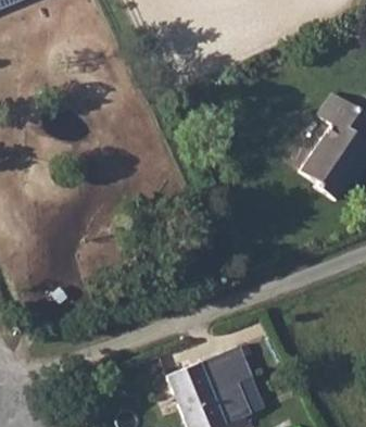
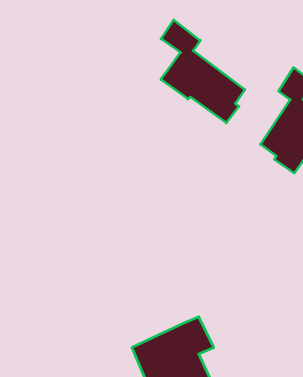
building: none -> [161,20,245,123]

